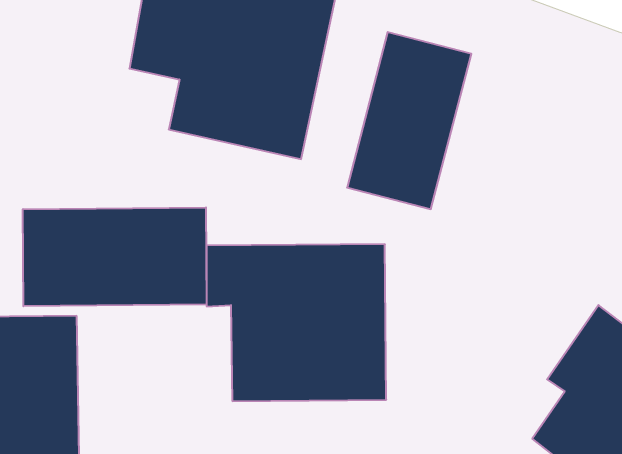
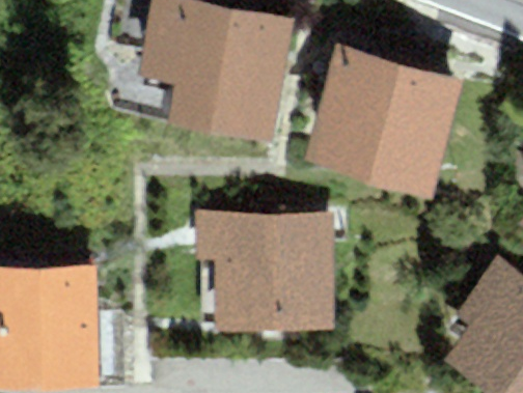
building: none -> [367,65,462,200]
building: [23,207,207,306] -> none

